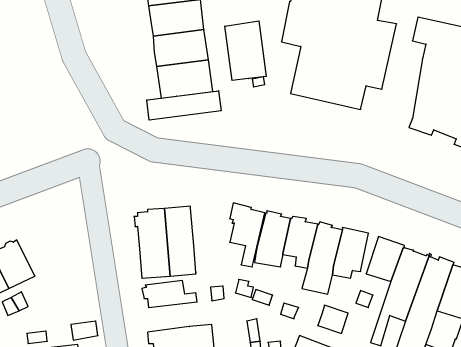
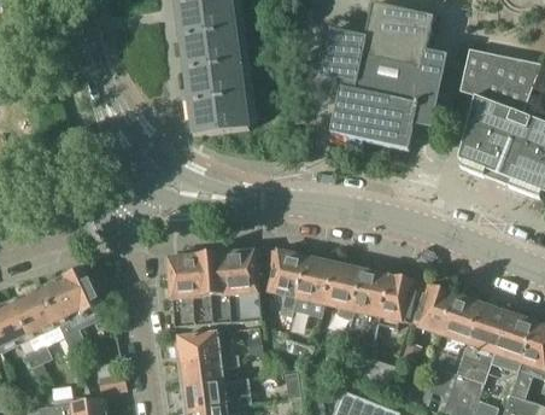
building: [225,21,266,80] -> none
building: [147,91,221,120] -> none
building: none -> [225,249,260,326]
building: none -> [40,267,109,349]
building: none -> [178,352,239,386]

